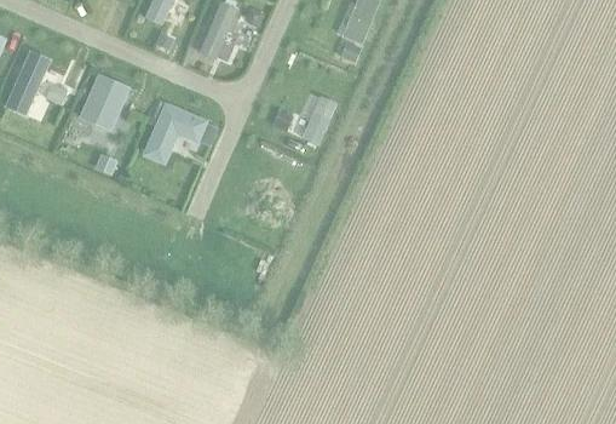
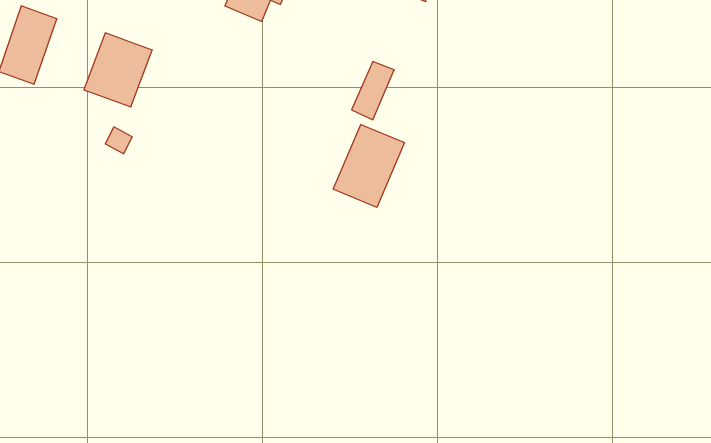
building: [140,99,212,166] -> none
building: none -> [333,124,405,207]

